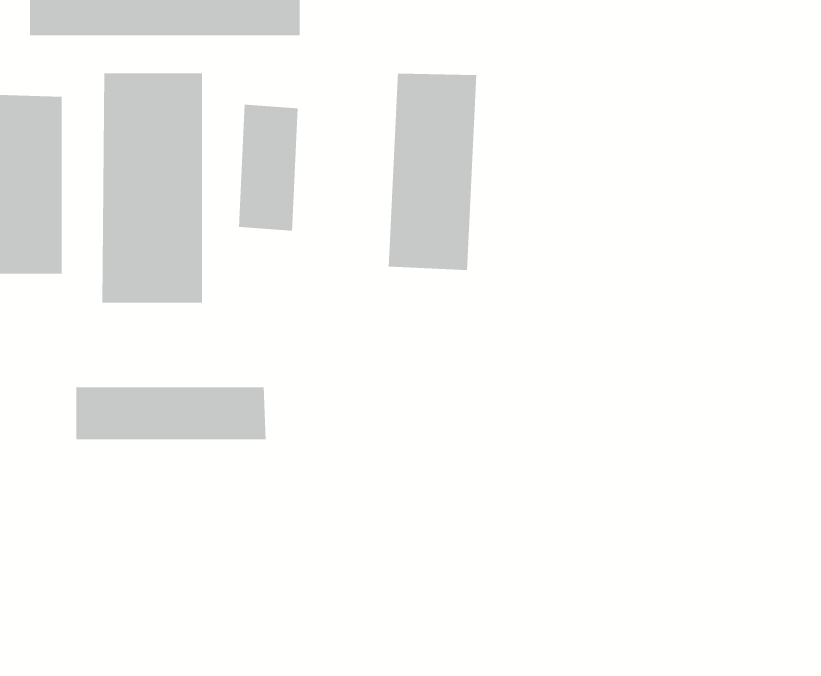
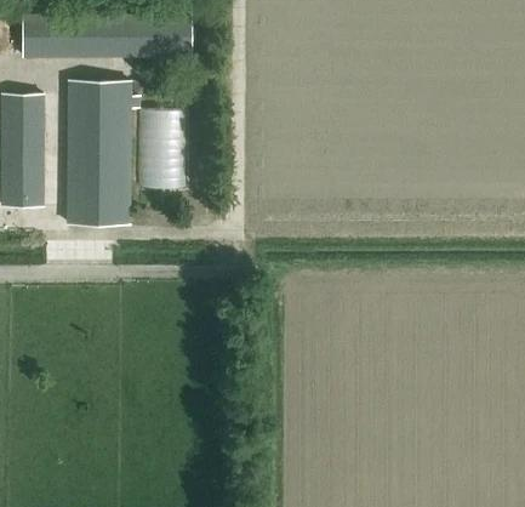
building: [388,73,477,271] -> none
building: [76,387,266,440] -> none

